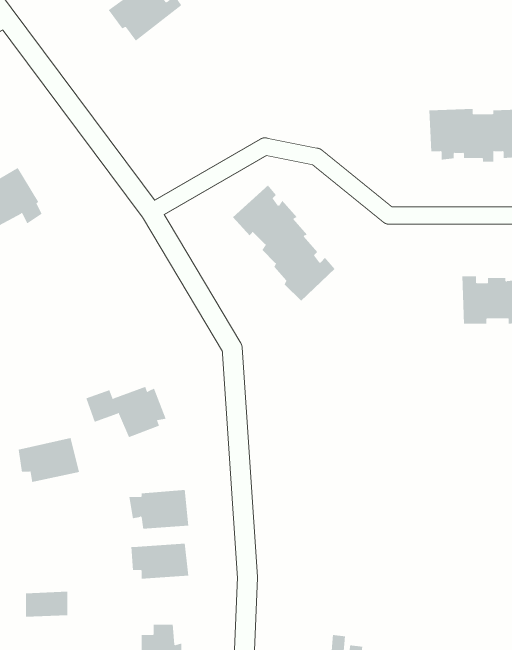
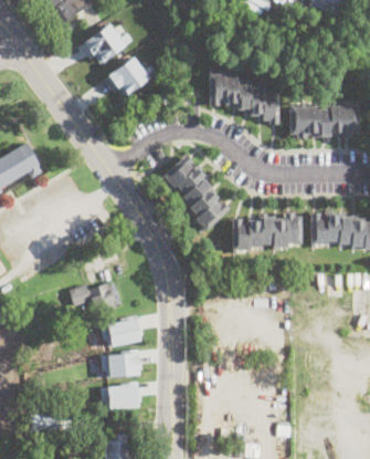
building: none -> [104,55,156,93]
building: none -> [210,73,278,123]
building: none -> [232,211,302,249]
building: [18,438,80,482] -> [98,316,138,345]

